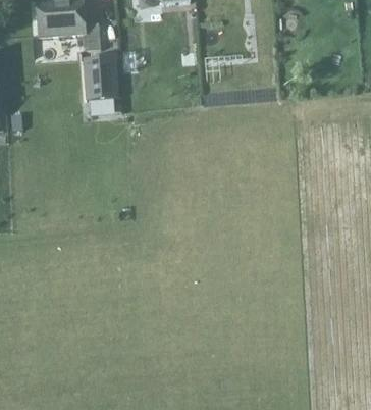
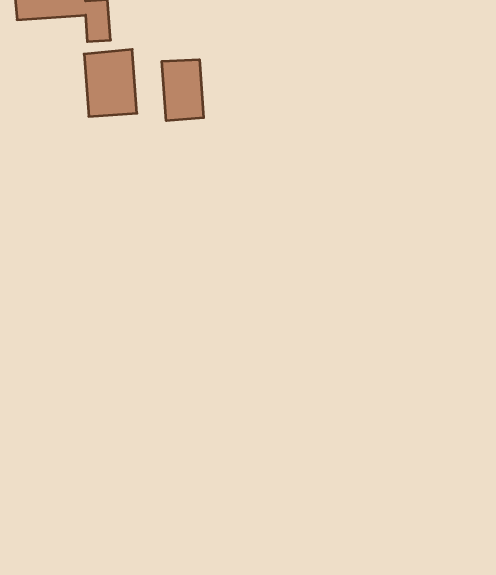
building: none -> [162,60,204,121]

